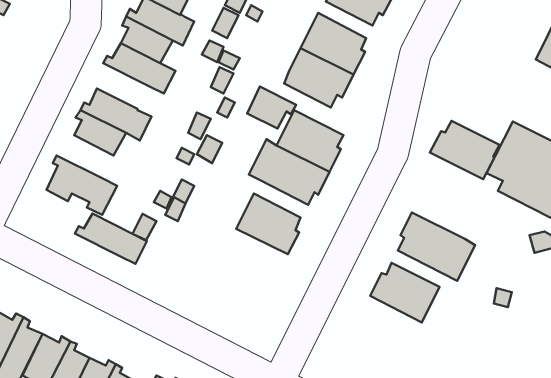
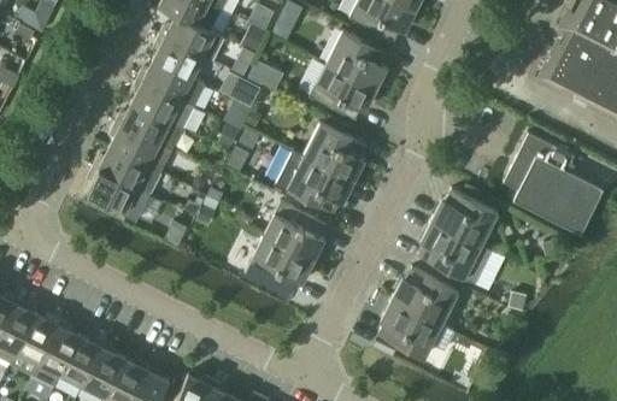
building: none -> [130,78,180,122]
building: [247,87,296,129] -> none
building: [430,121,499,179] -> [430,190,496,246]
building: [75,213,147,264] -> [92,147,160,195]
building: none -> [243,236,312,296]
building: none -> [377,300,452,358]

